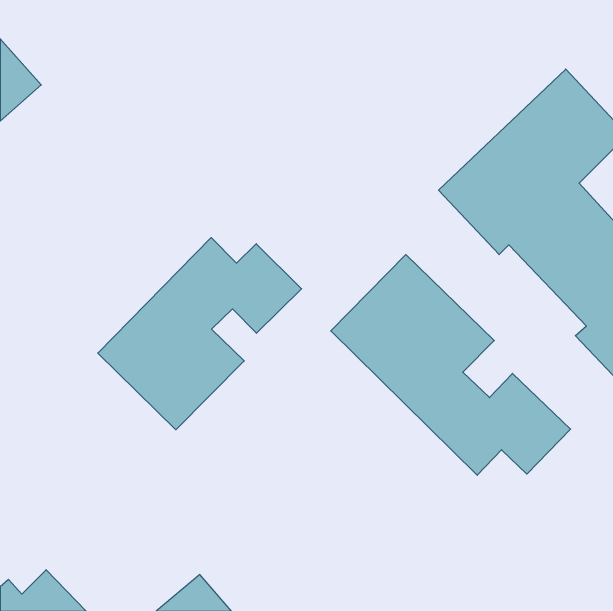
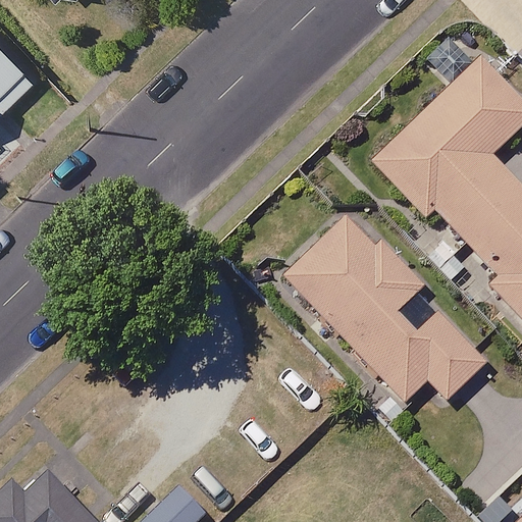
building: [98,238,302,430] -> none

